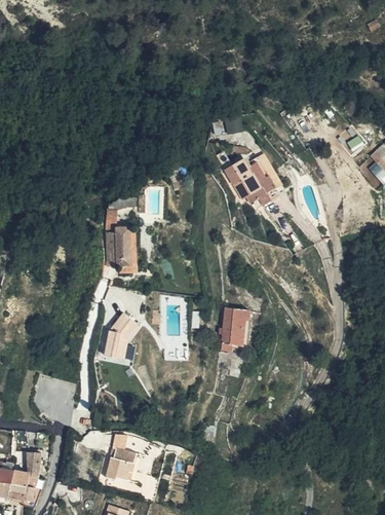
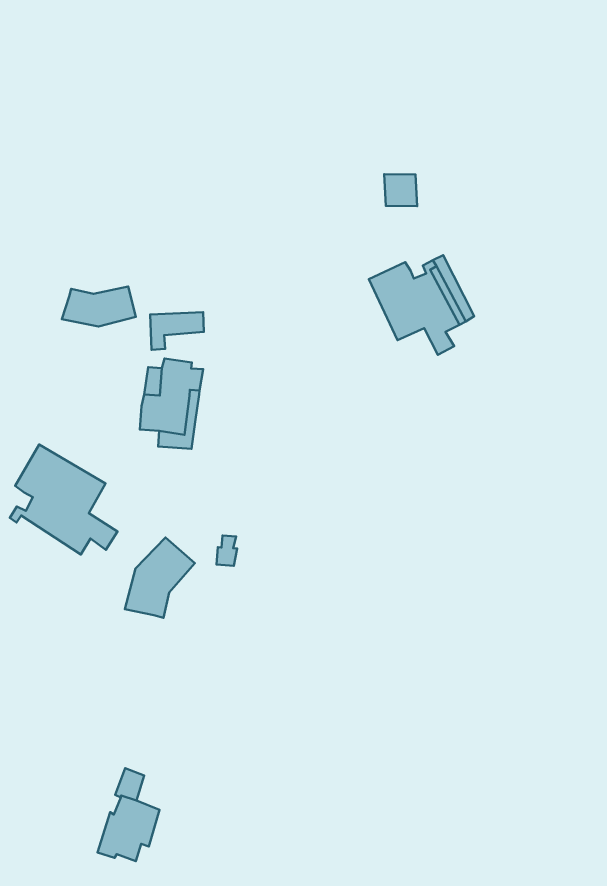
building: none -> [62,287,136,326]
building: none -> [10,444,118,555]
building: [219,308,247,353] -> none

